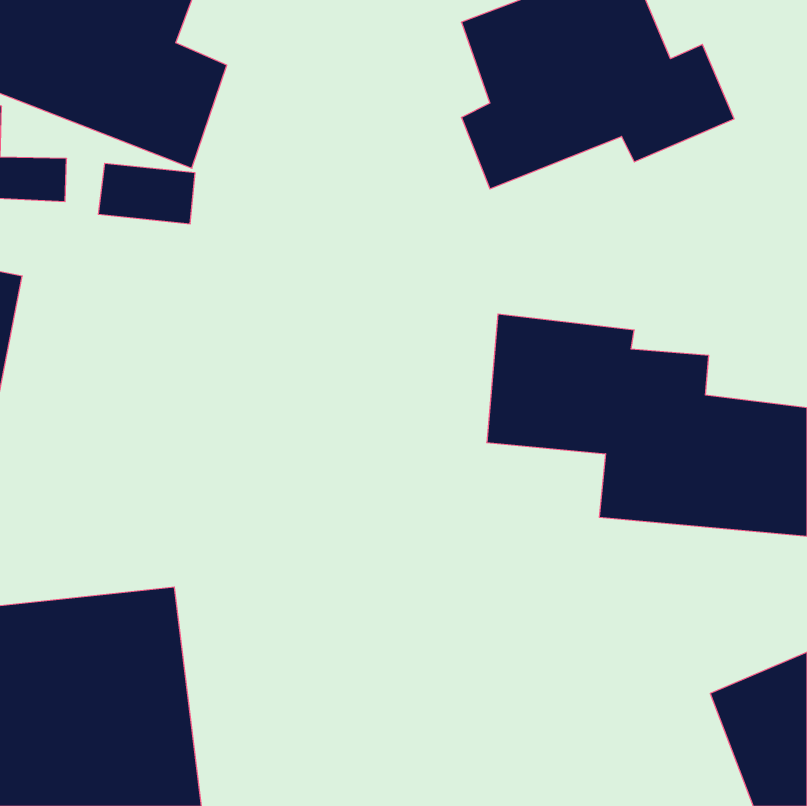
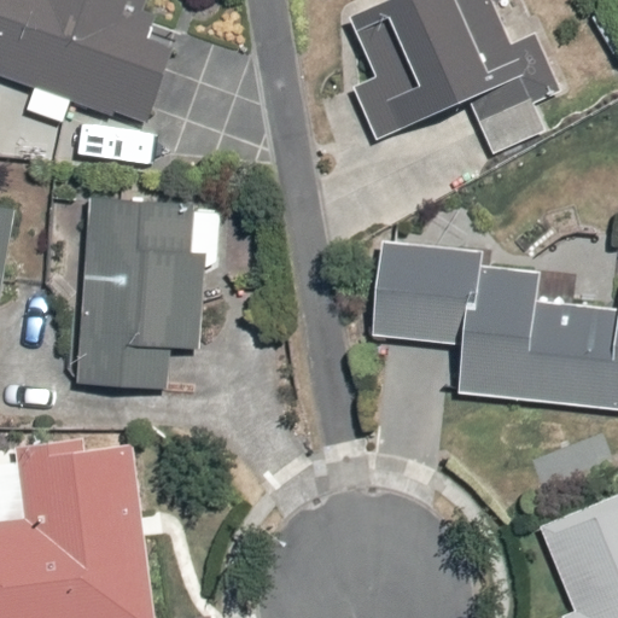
building: none -> [75,199,204,392]

